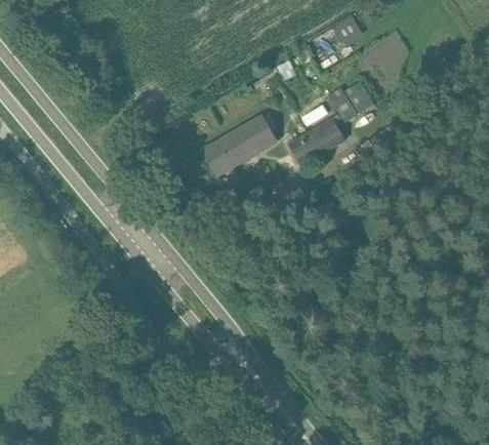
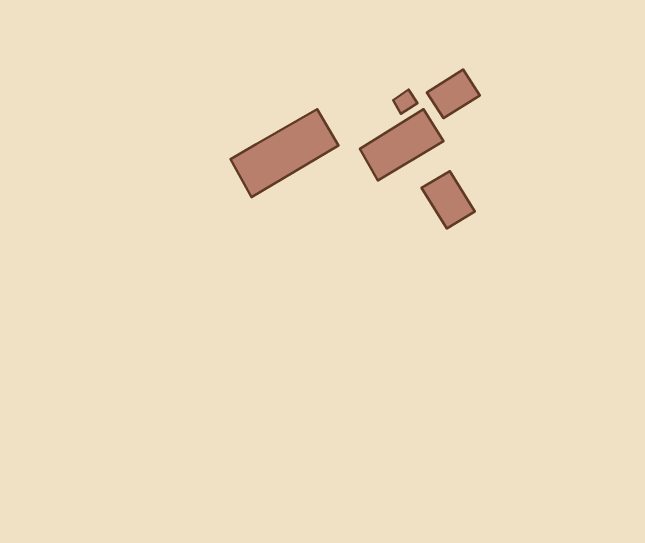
building: none -> [422,171,475,228]

